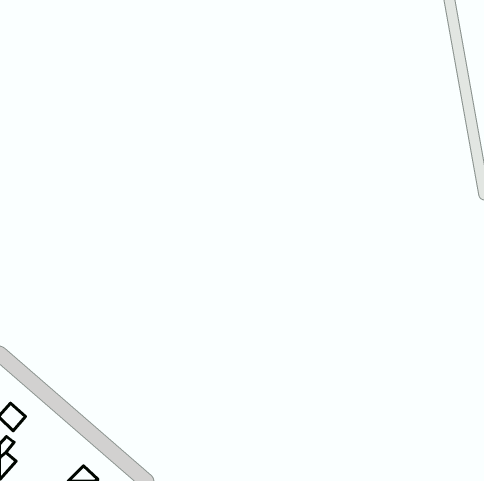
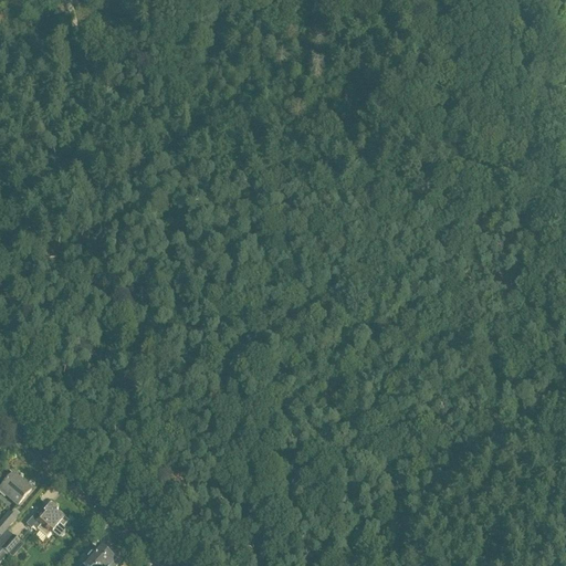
building: none -> [35,502,66,535]

